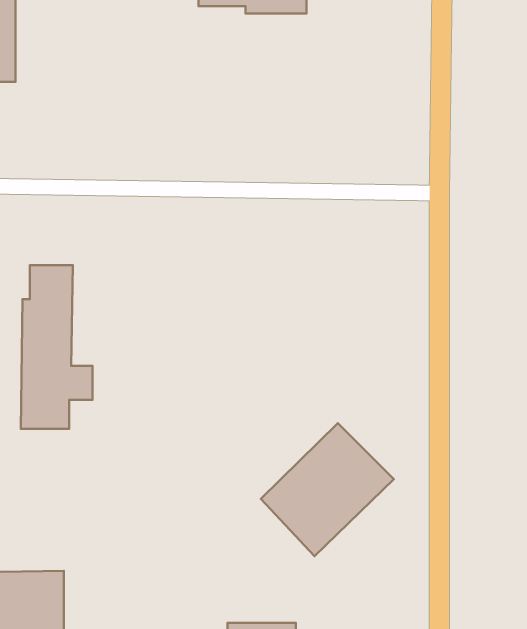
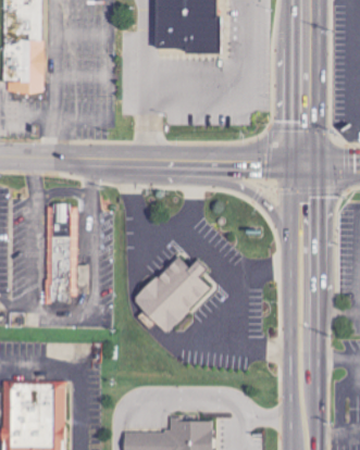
building: [261,423,394,556] -> [139,261,220,341]

